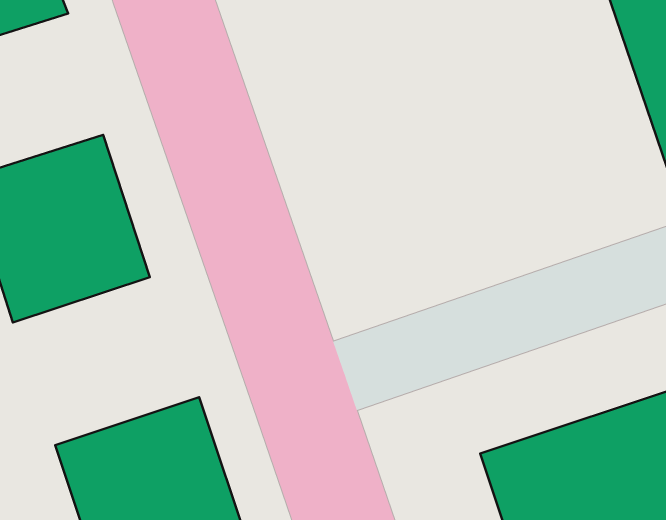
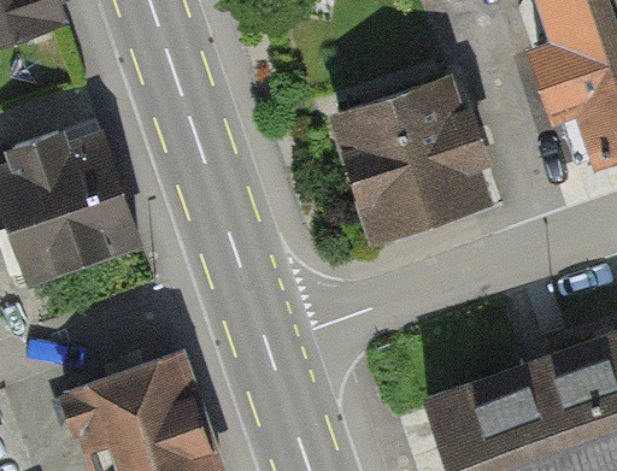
building: none -> [325,77,494,246]

